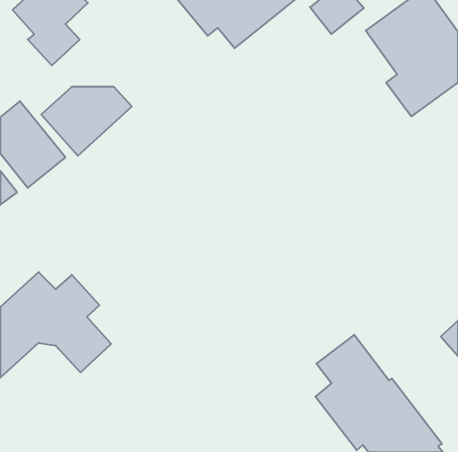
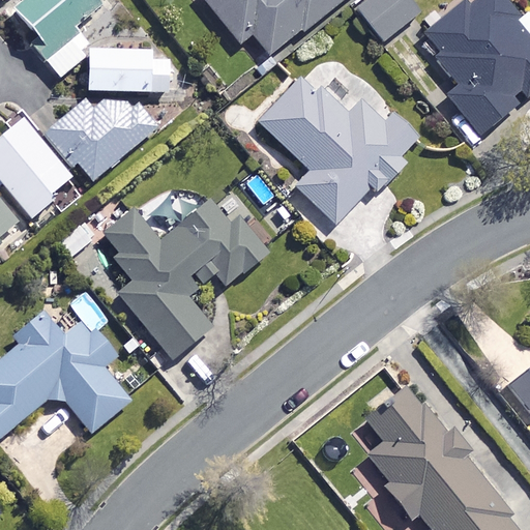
building: none -> [88,49,171,91]
building: none -> [257,71,418,224]
building: none -> [93,174,284,358]

